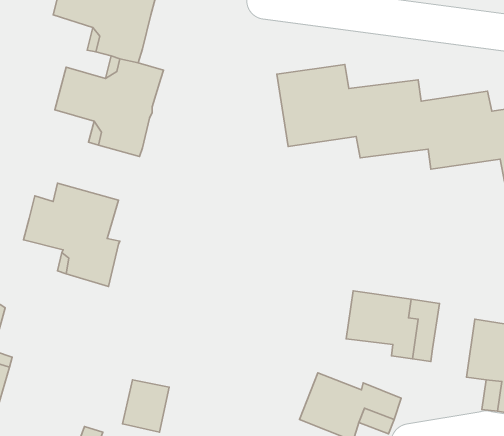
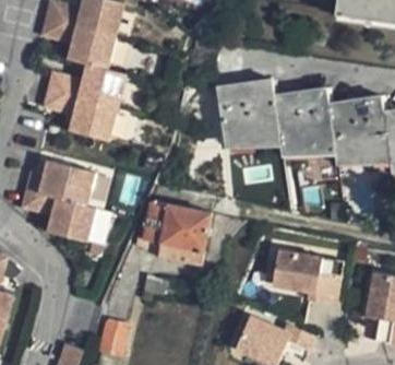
building: none -> [142,202,211,267]

